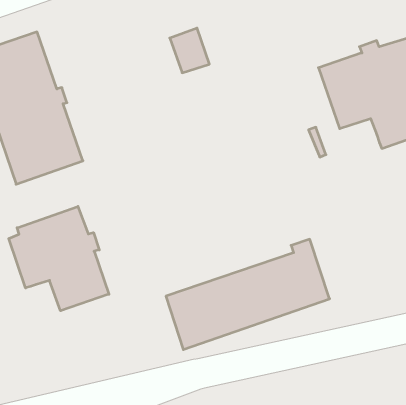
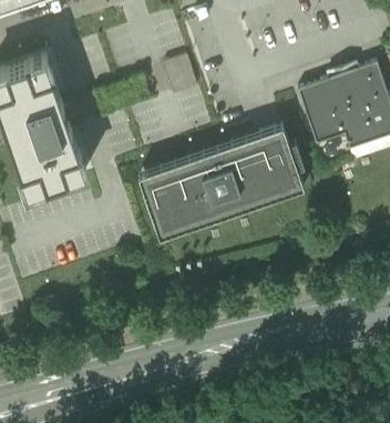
building: [9,206,109,311] -> none
building: [166,239,330,350] -> [147,127,294,225]

